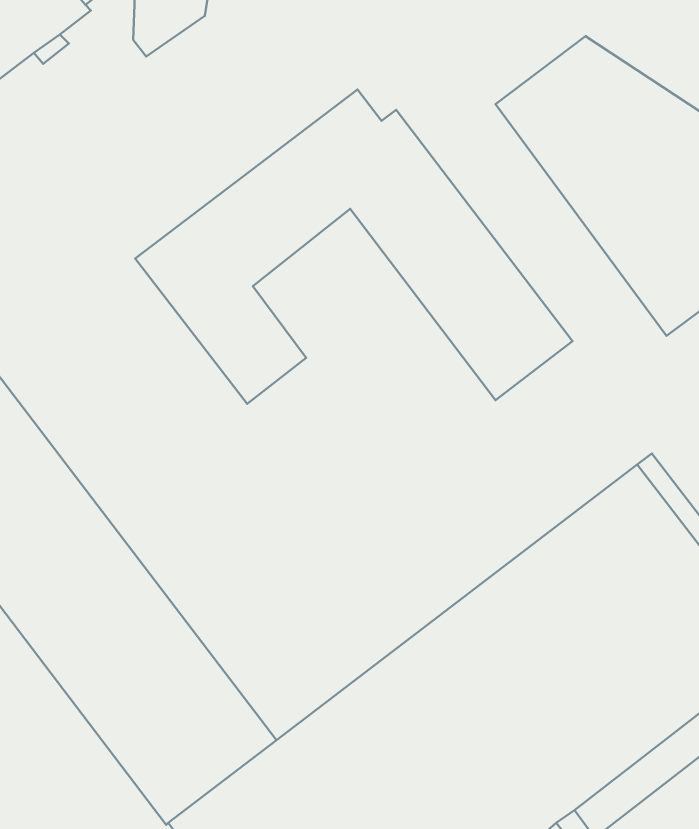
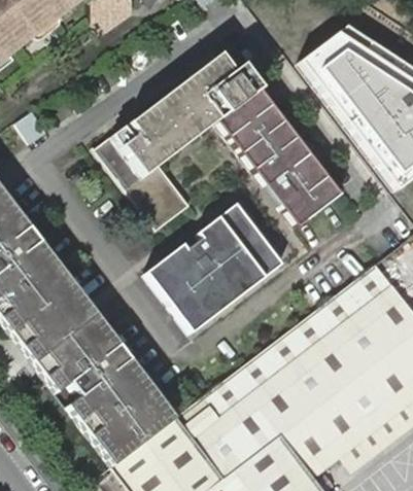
building: none -> [146,202,286,336]

